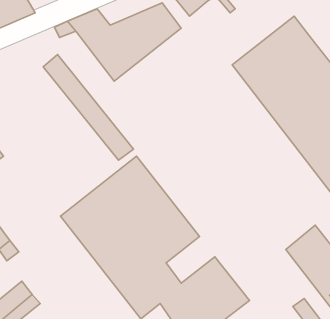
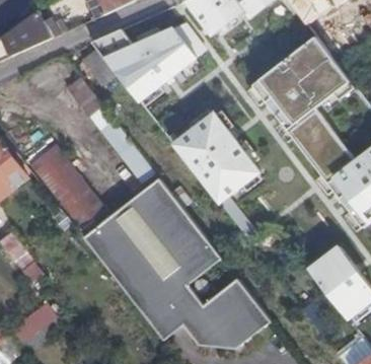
building: none -> [168,111,254,244]
building: none -> [29,144,104,228]

